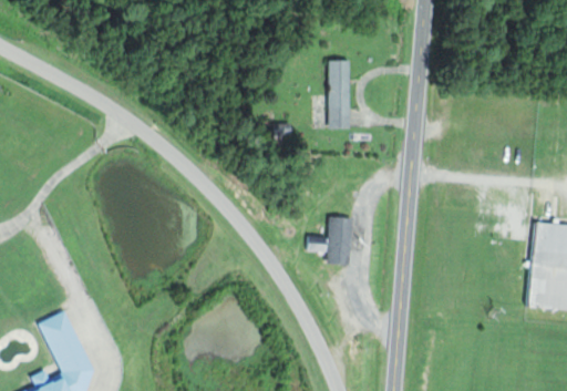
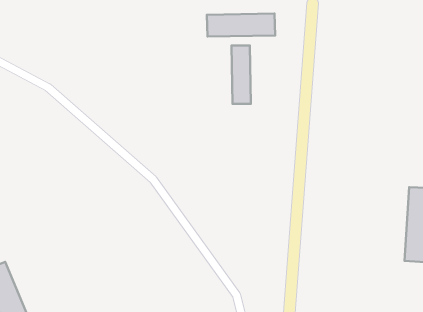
building: none -> [207,14,275,36]
building: [328,218,351,264] -> none

